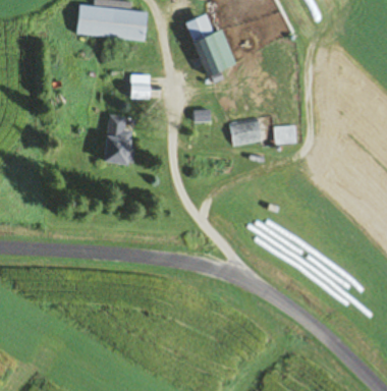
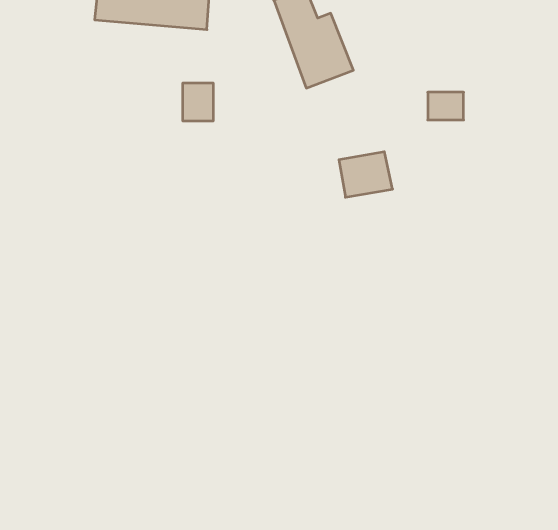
building: [103,114,133,166] -> none
building: [273,126,295,144] -> [428,92,464,120]

